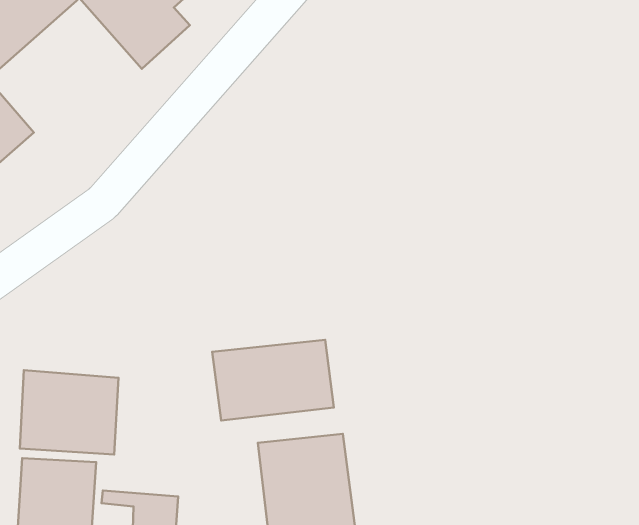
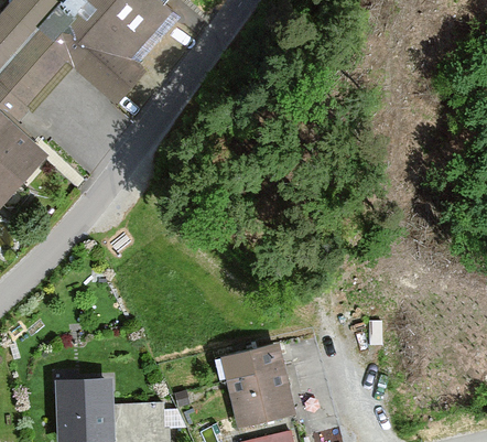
building: [212,340,334,420] -> none
building: [20,370,119,455] -> none

